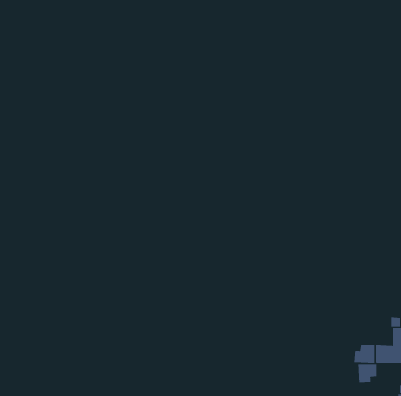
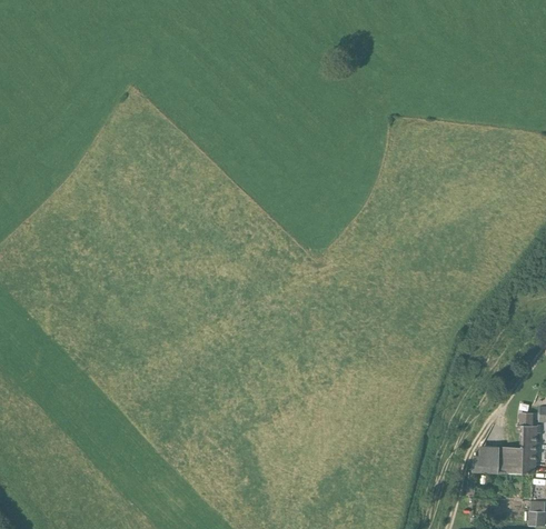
building: [358,363,377,383] -> none

